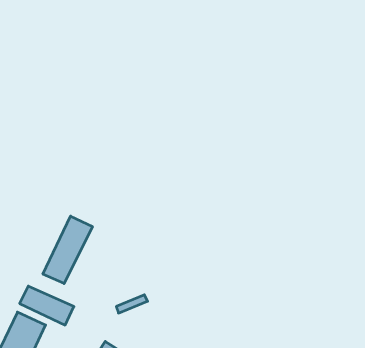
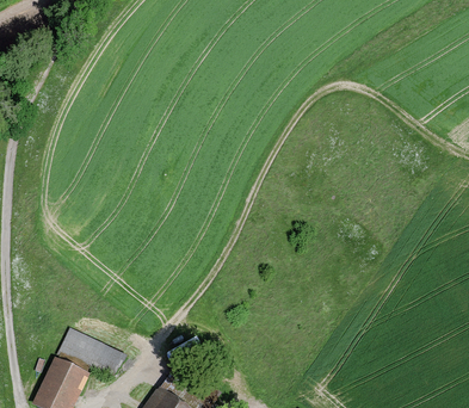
building: [43,216,92,284] -> none

